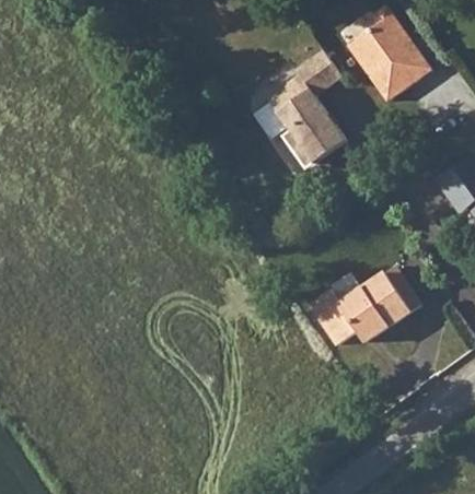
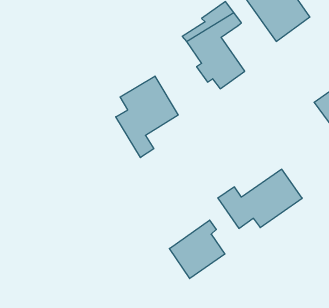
building: none -> [116,76,178,158]
building: none -> [169,220,225,279]

